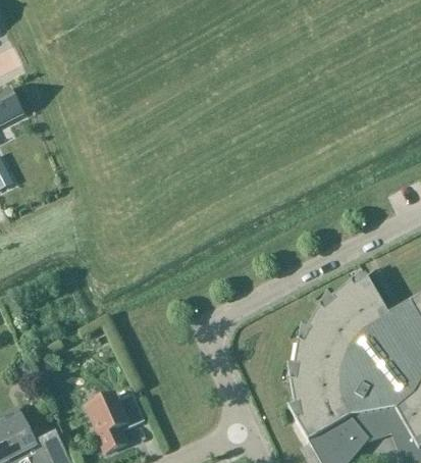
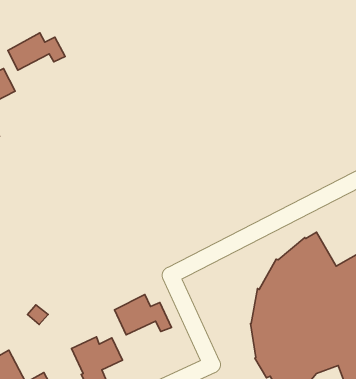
building: none -> [8,33,65,70]
building: none -> [115,295,171,335]

